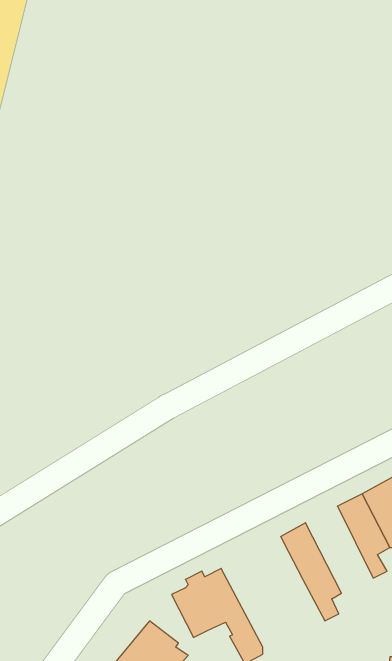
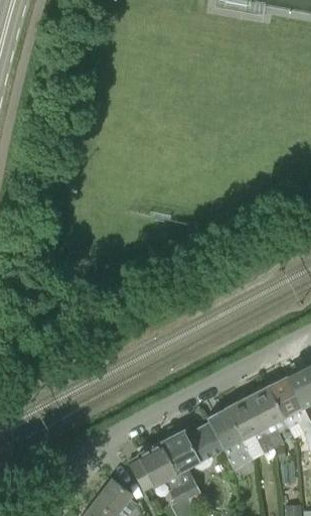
building: none -> [225,396,275,460]
building: none -> [164,422,223,504]

